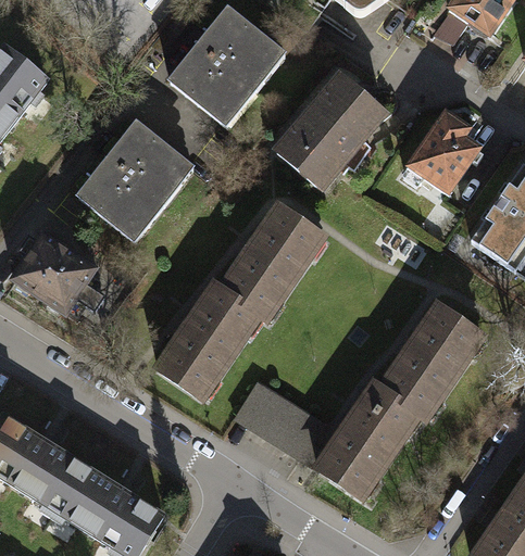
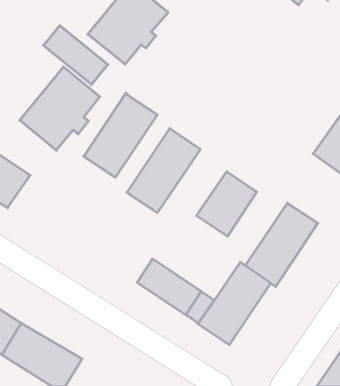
building: none -> [43,26,108,85]
building: [279,78,384,181] -> none
building: [405,114,478,192] -> none
building: none -> [197,172,257,236]
building: [159,285,258,397] -> [84,93,157,177]

